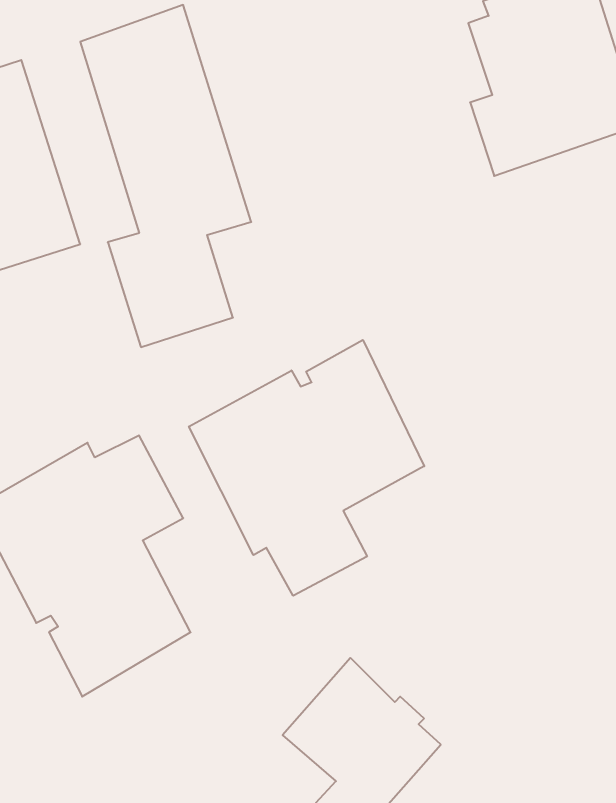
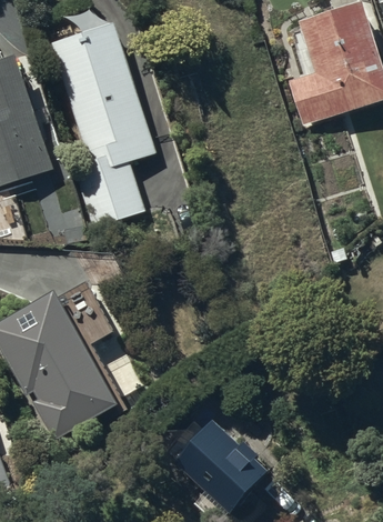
building: [189,340,424,596] -> none

